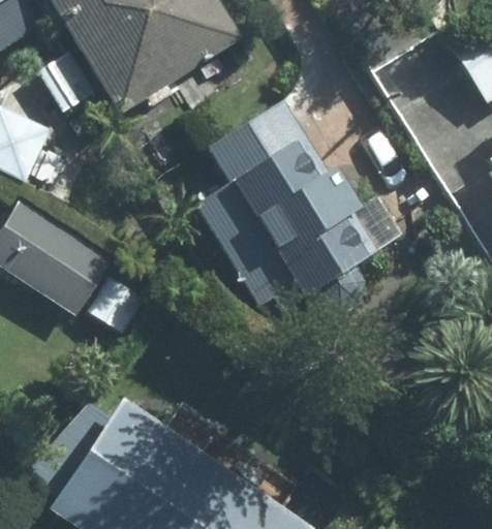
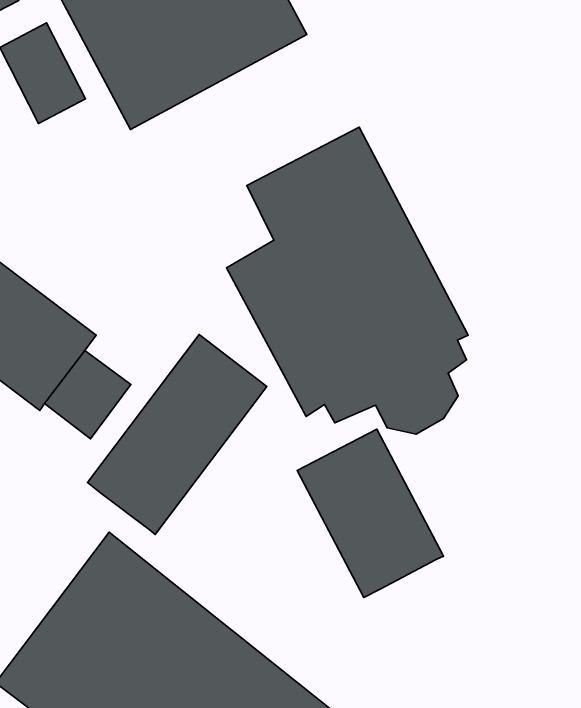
building: none -> [87,335,267,534]
building: none -> [297,429,444,597]

